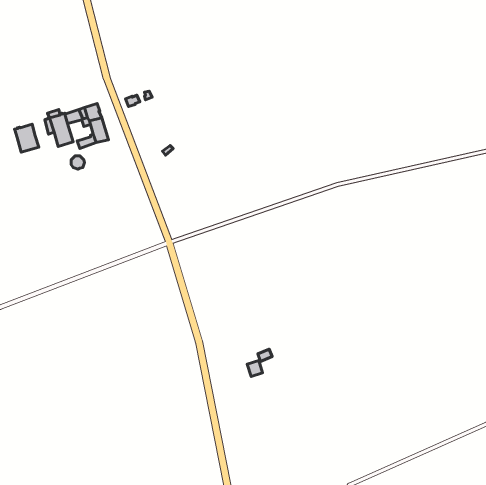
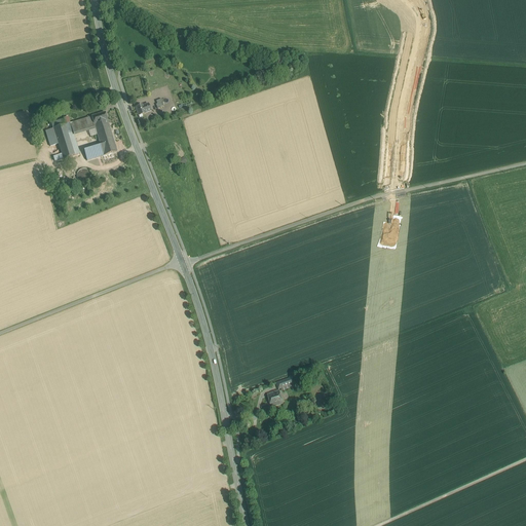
building: [14,124,39,152] -> none

